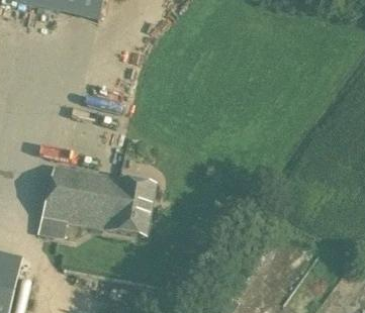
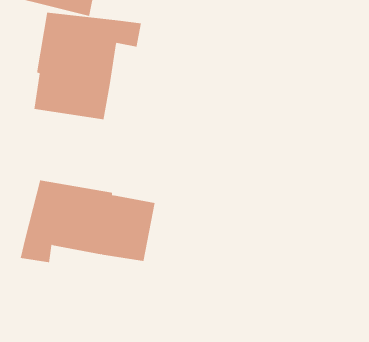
building: none -> [34,12,142,120]

